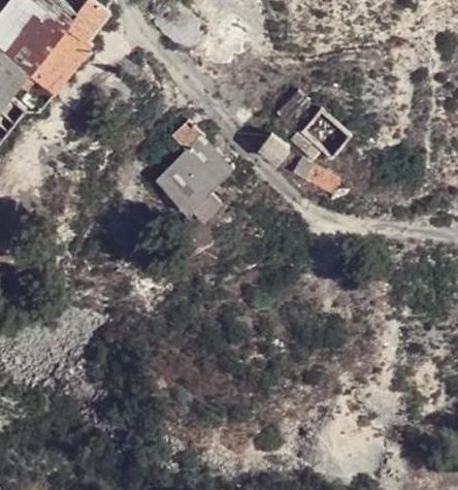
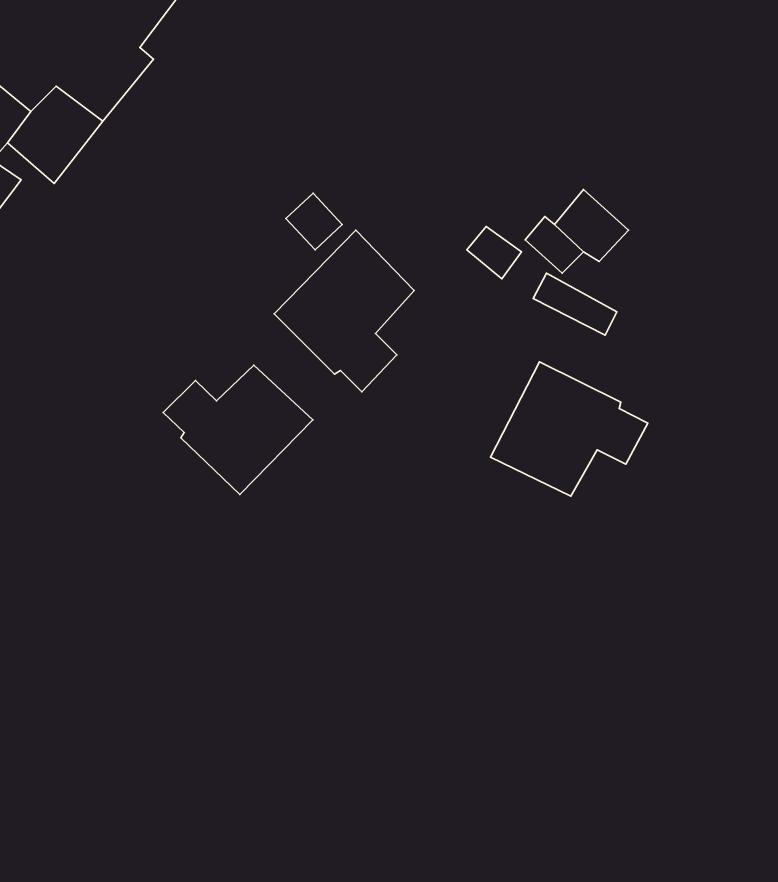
building: none -> [491,362,648,496]
building: none -> [163,365,313,494]

